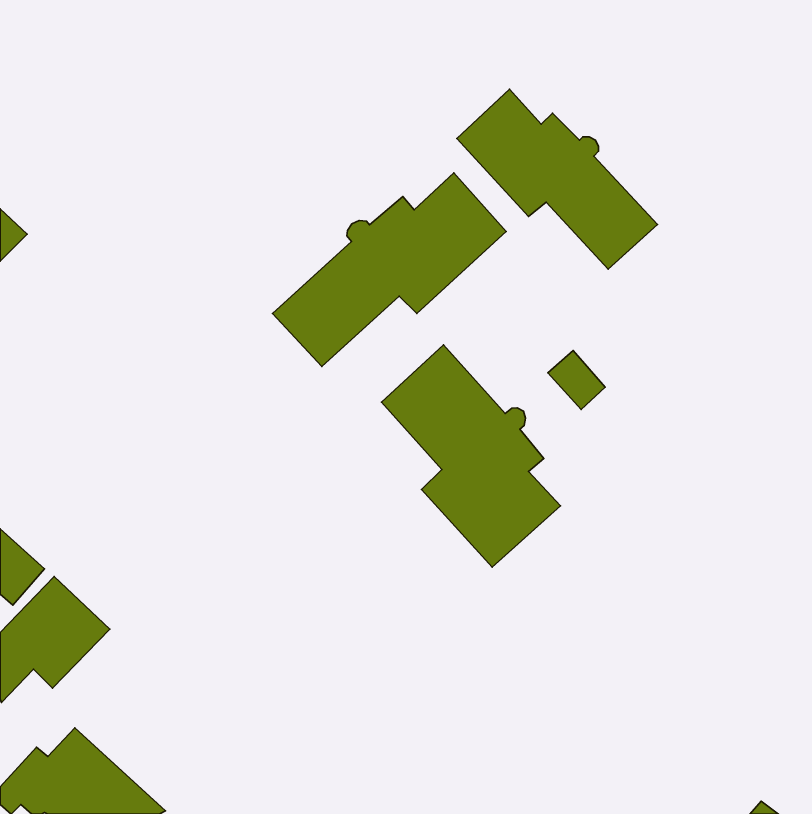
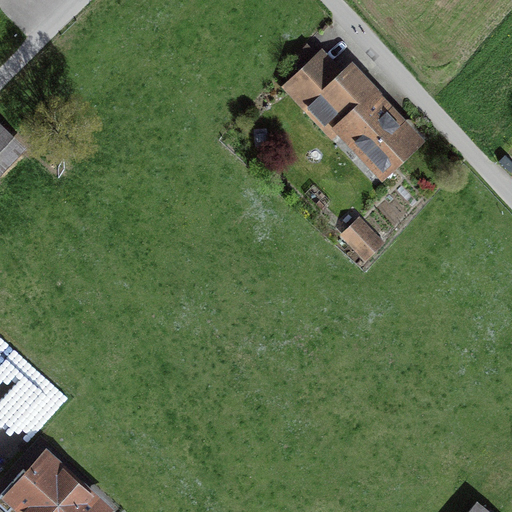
building: [272,173,506,367] -> none
building: [381,345,560,567] -> none

